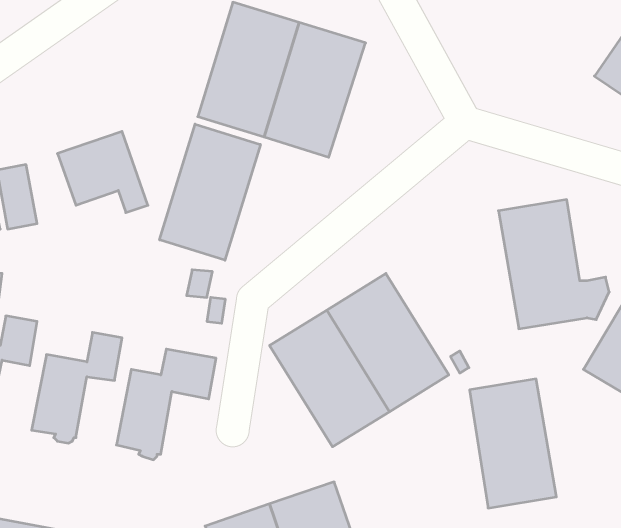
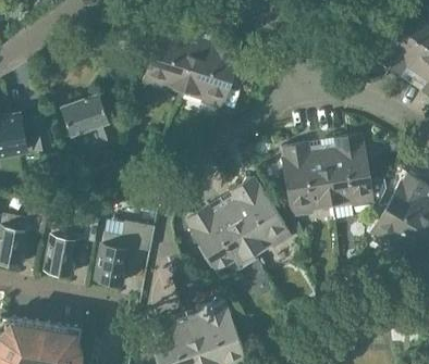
building: [160,124,260,260] -> none
building: [470,379,556,508] -> [282,140,333,216]

